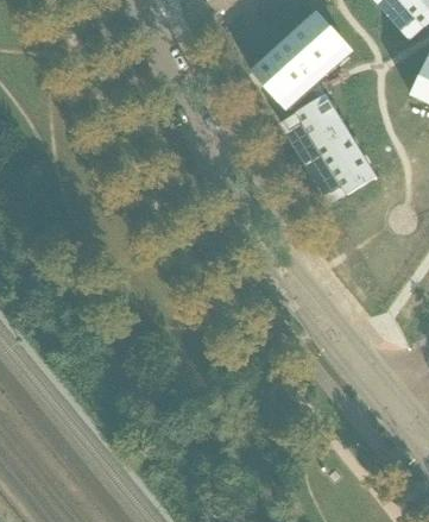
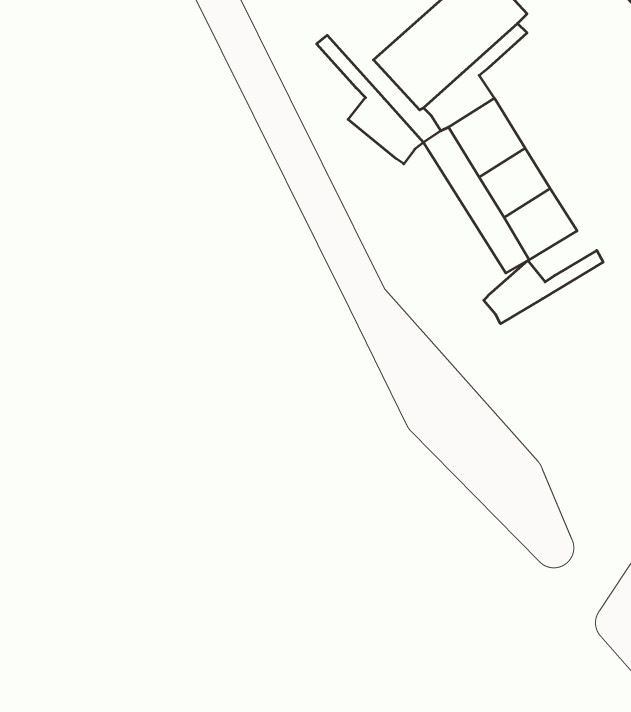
building: none -> [317,35,423,164]
building: none -> [484,250,603,324]

